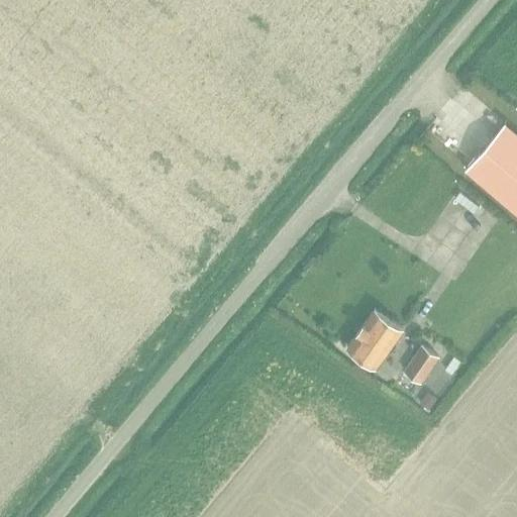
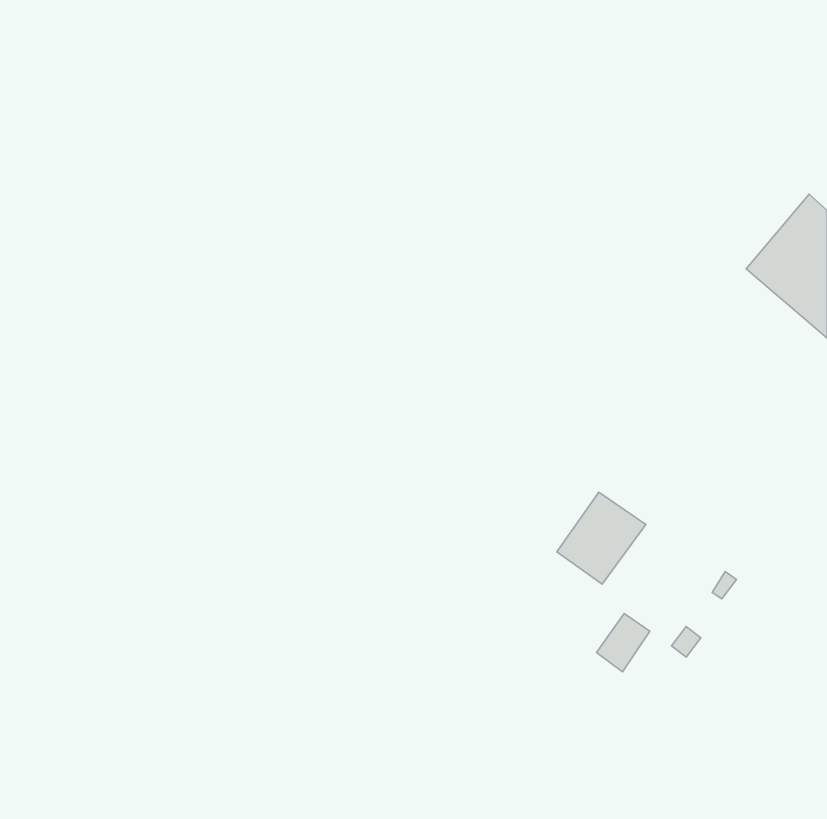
building: [404,349,437,386] -> [597,613,650,672]

